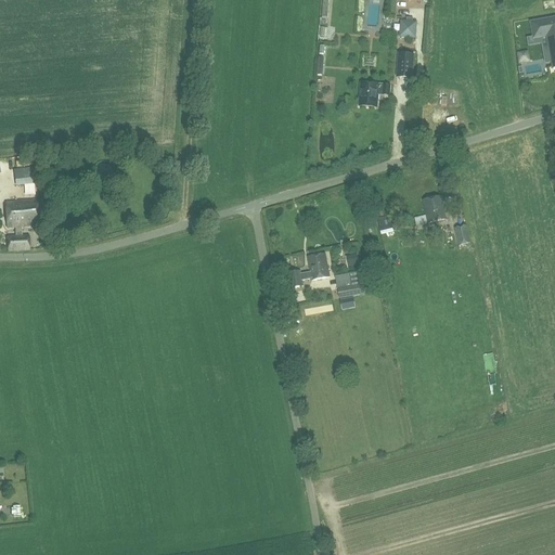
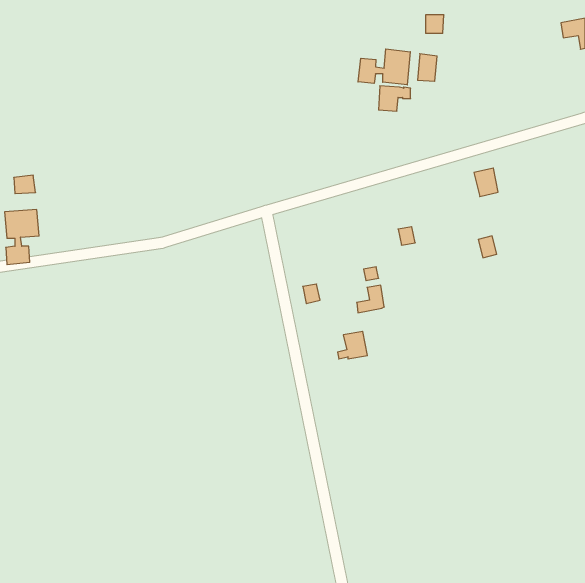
building: none -> [358,49,410,85]
building: [422,194,444,221] -> [474,168,498,197]
building: [300,253,328,279] -> [338,331,367,359]

